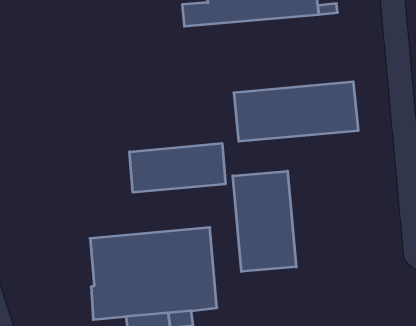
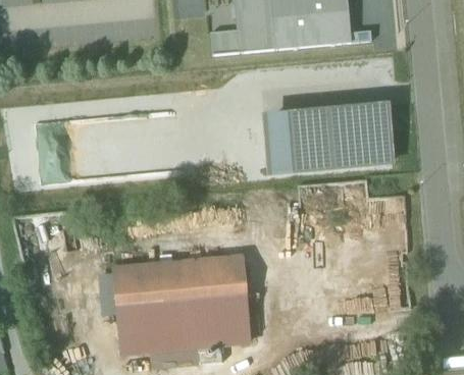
building: [130,143,225,192] -> none
building: [233,171,296,272] -> none

